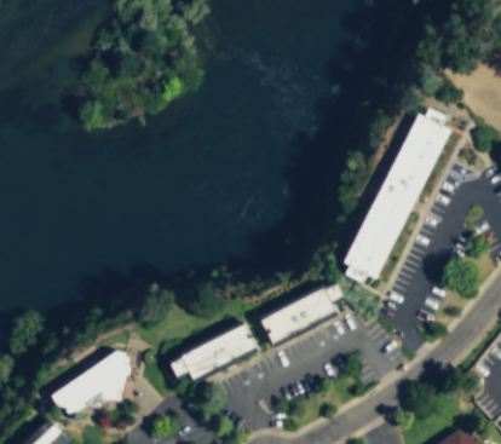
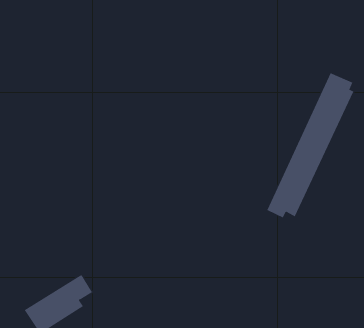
building: [260,282,346,344] -> none
building: [178,325,259,382] -> none

